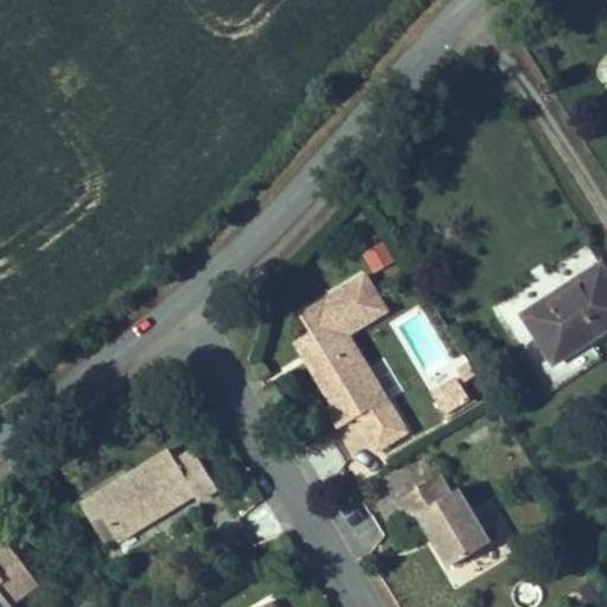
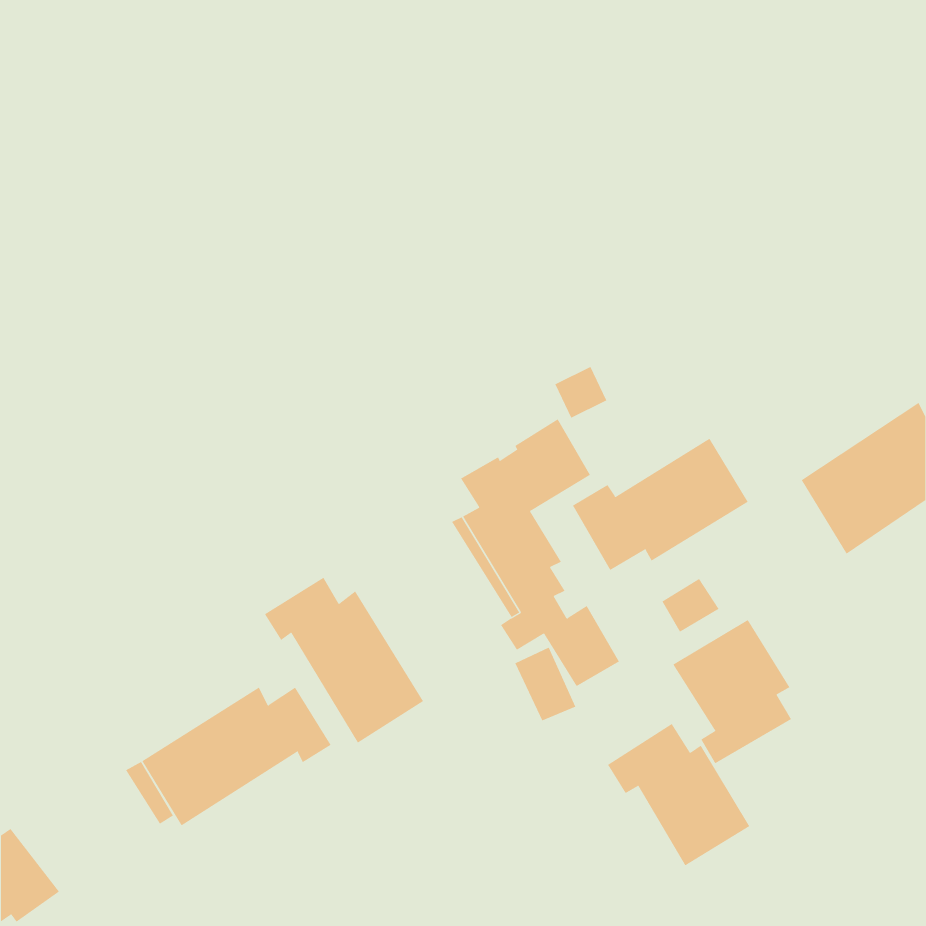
building: none -> [572,438,748,571]
building: none -> [264,577,424,743]
building: none -> [673,619,792,764]

